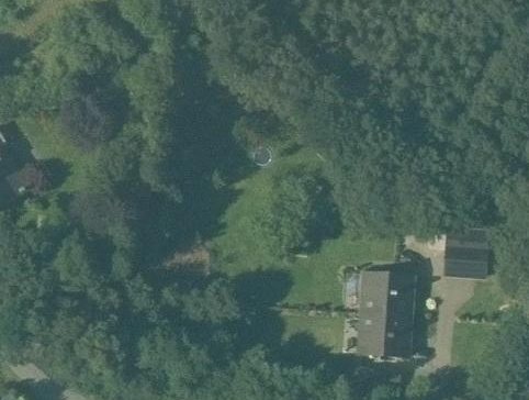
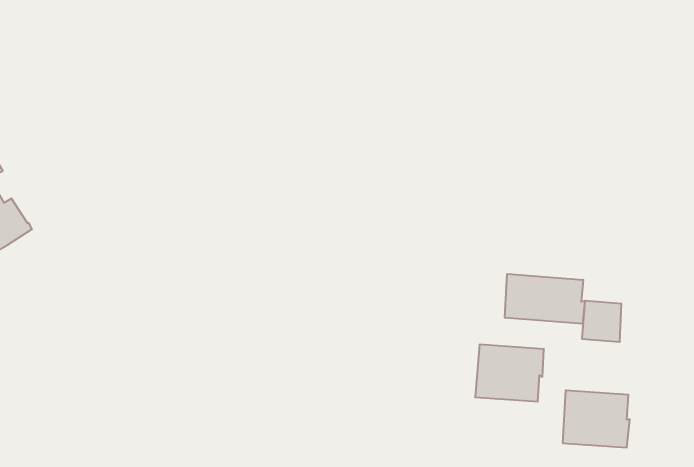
building: none -> [505,274,585,324]
building: [358,313,408,356] -> [563,390,630,447]

